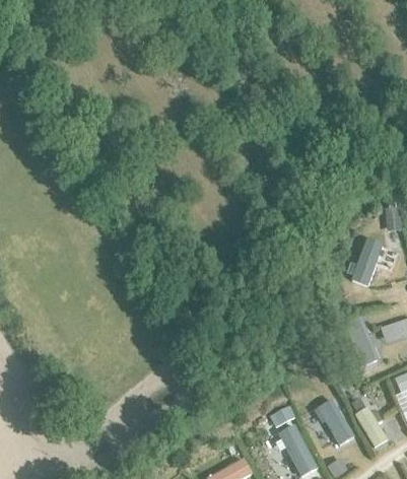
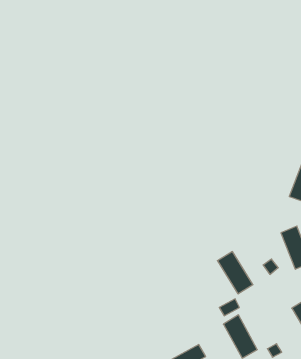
building: [313,397,355,448] -> [217,252,253,294]

